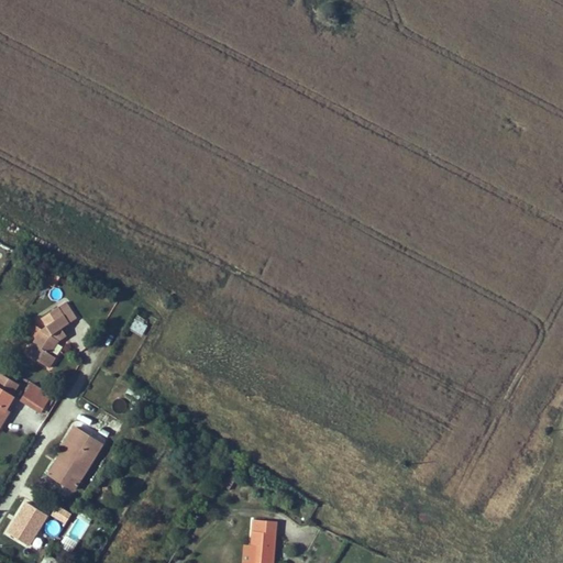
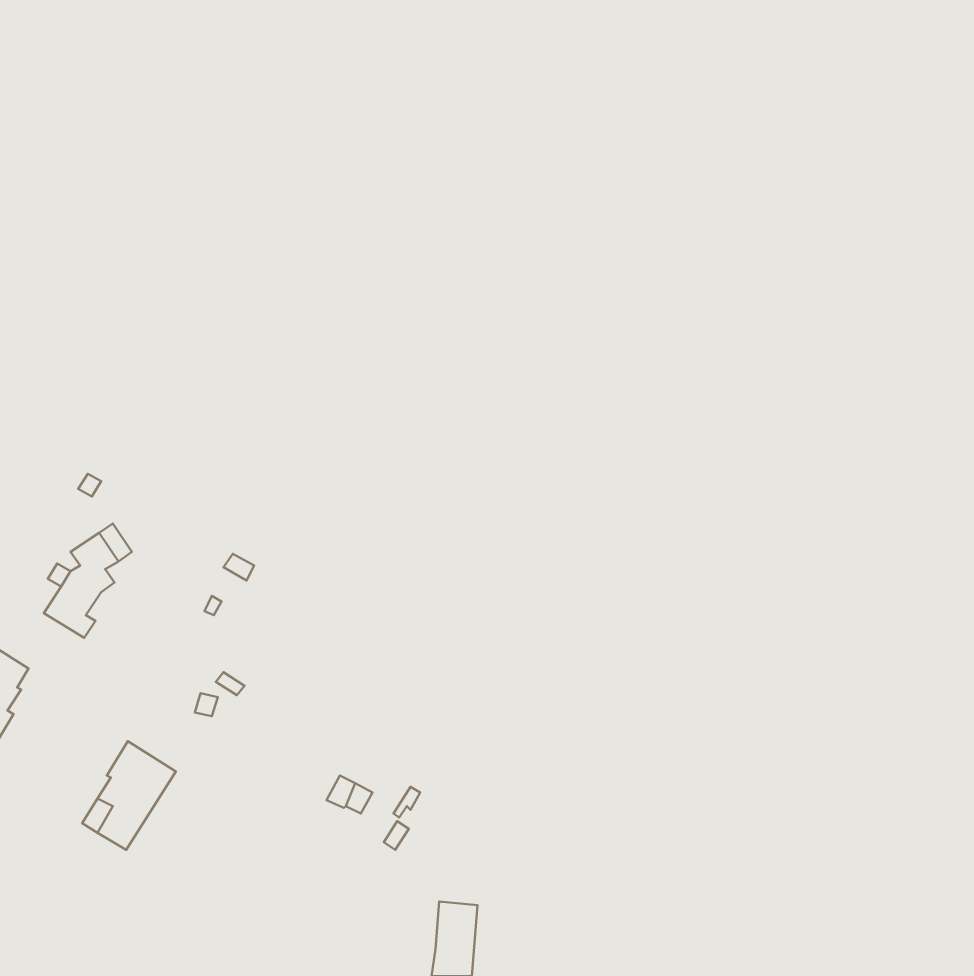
building: [21,383,49,411] -> none
building: [4,501,46,548] -> none

